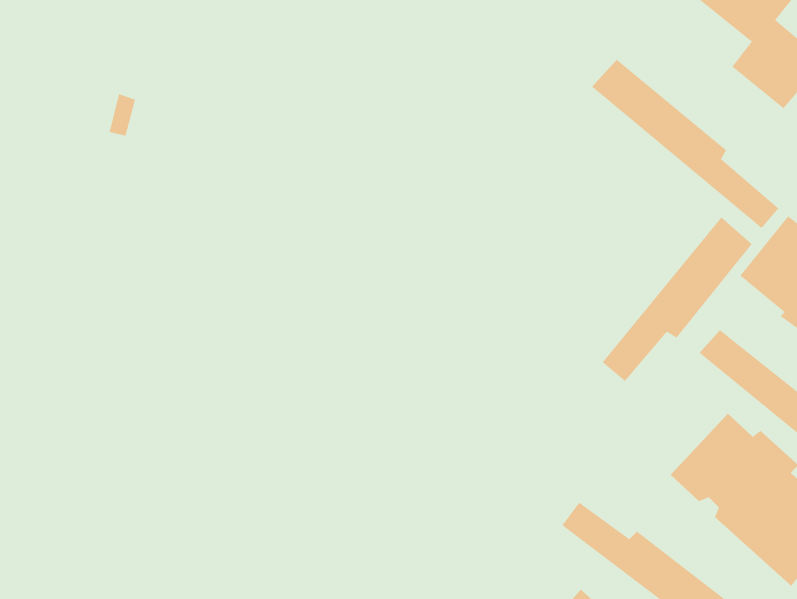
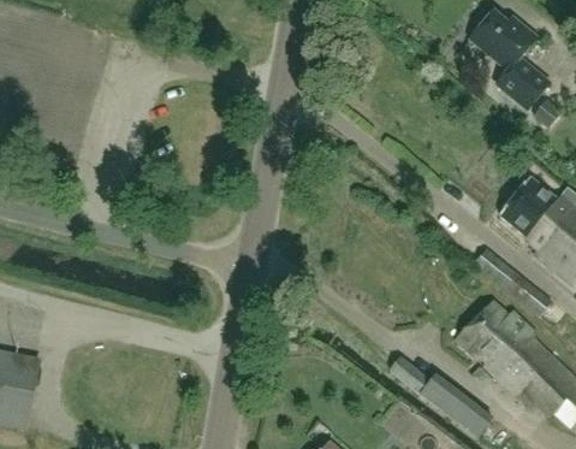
building: [591,59,779,229] -> none
building: [602,216,753,382] -> none

